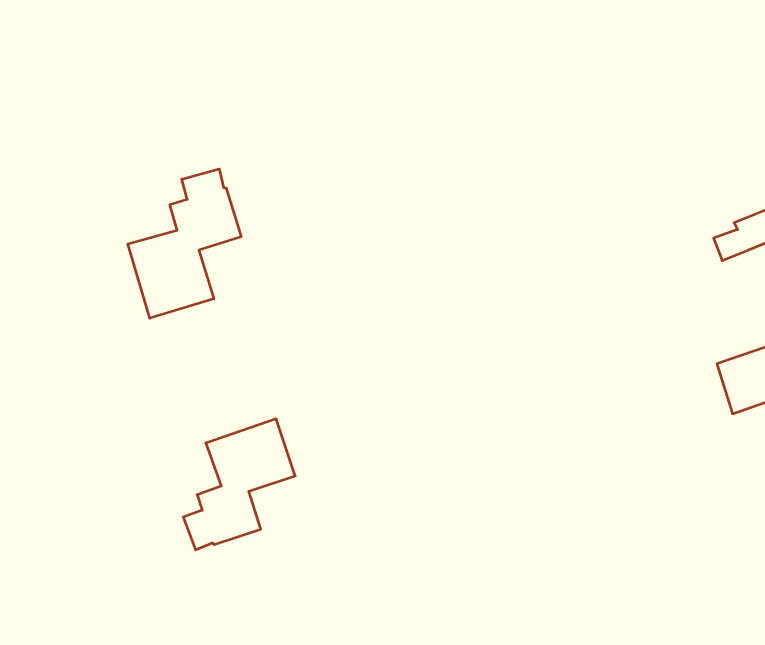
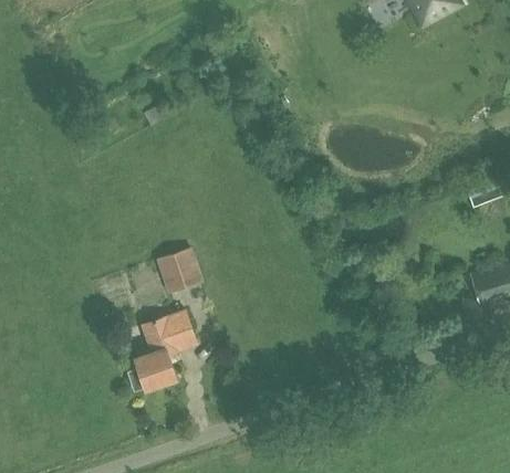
building: [128,169,241,318] -> none
building: none -> [156,246,205,293]

